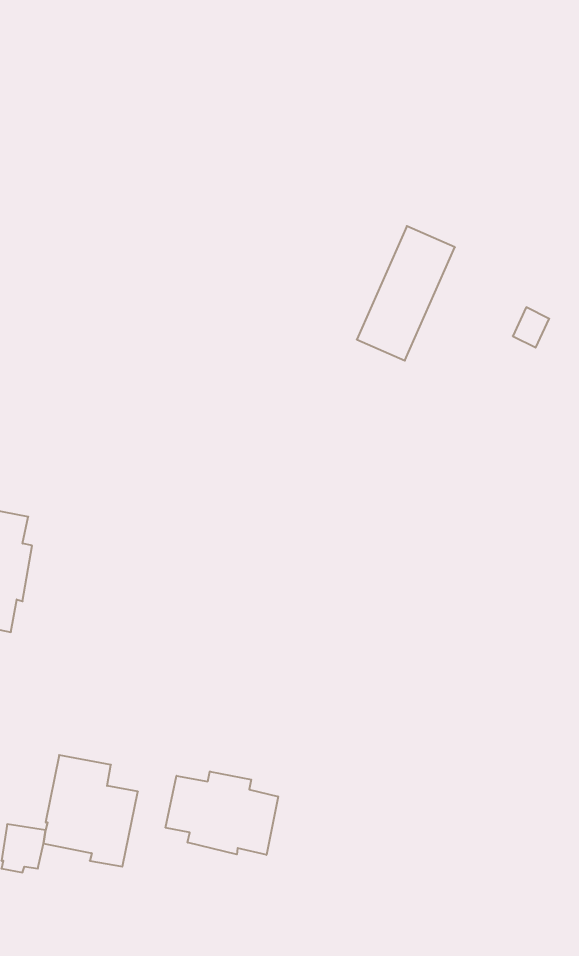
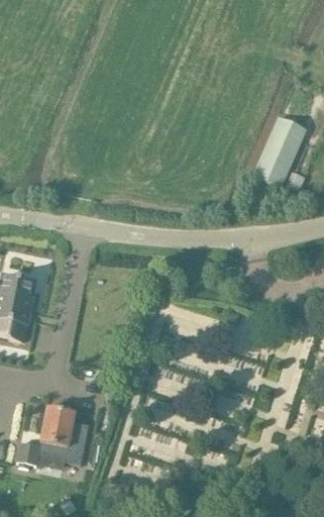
building: [357,226,455,361] -> [253,115,305,186]
building: [166,771,278,855] -> none

